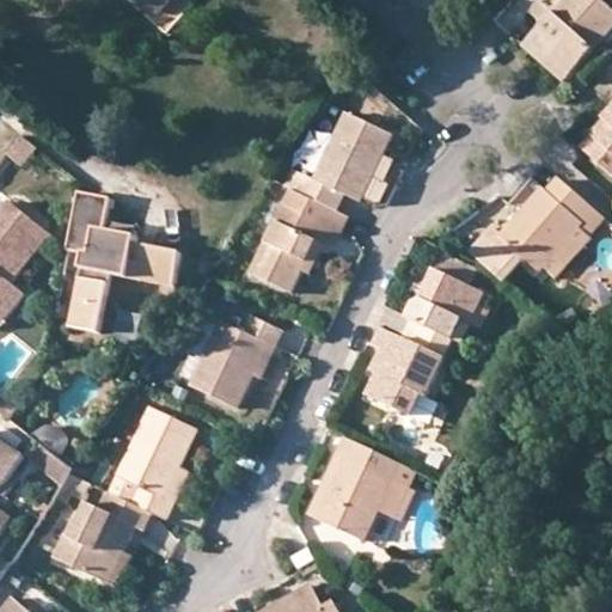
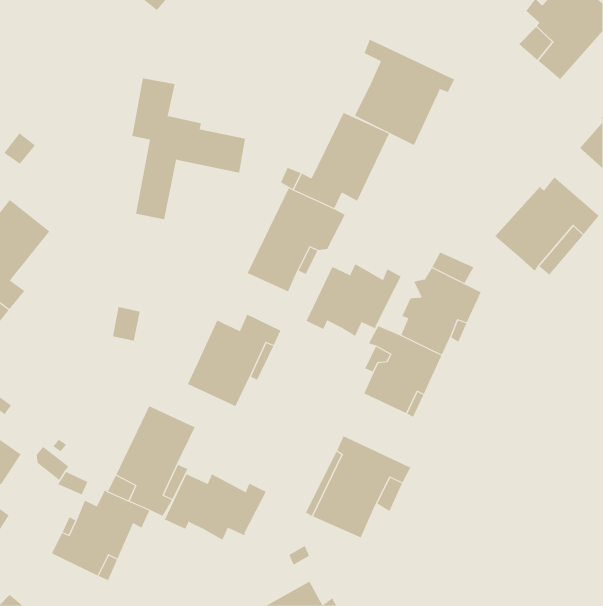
building: none -> [354,39,455,146]
building: [65,190,179,332] -> [131,78,246,220]
building: [470,226,522,281] -> none
building: none -> [306,263,402,337]
building: none -> [164,473,266,540]

